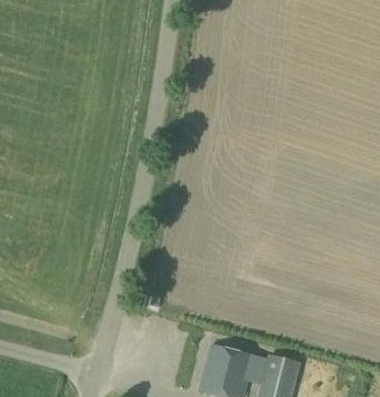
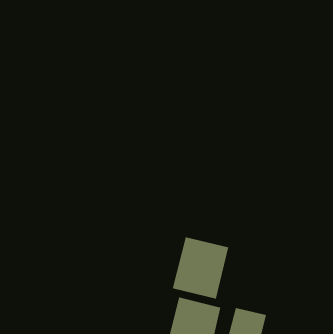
building: none -> [172,236,229,299]

